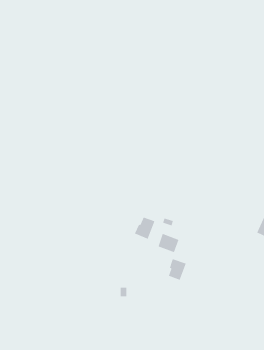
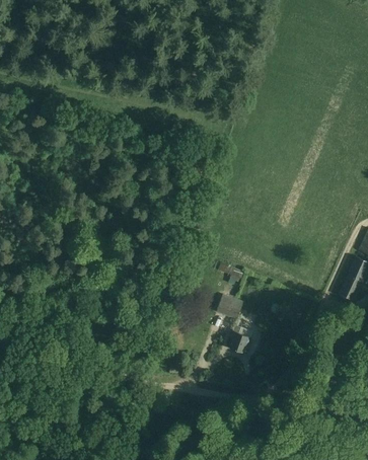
building: [134,217,156,240] -> none

